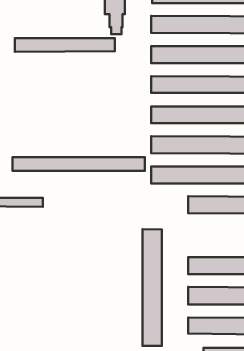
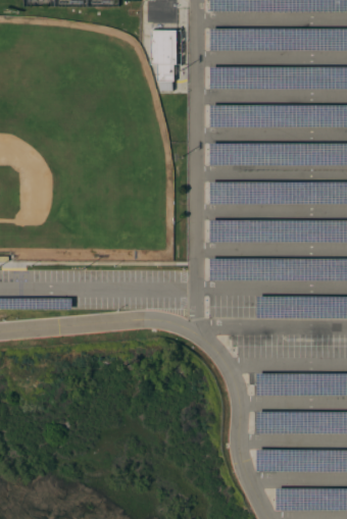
building: [15,38,115,52] -> none
building: [13,157,145,171] -> none
building: [143,229,162,346] -> none

